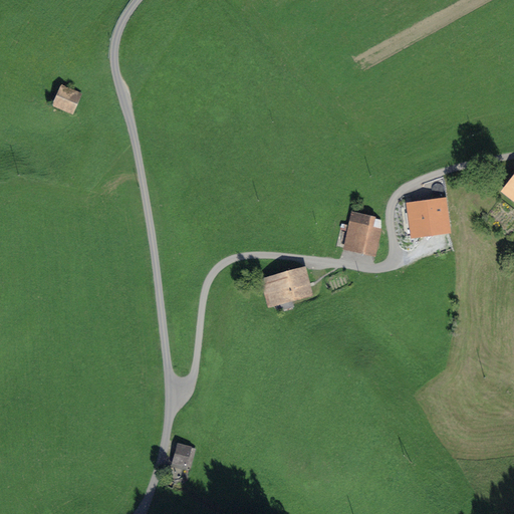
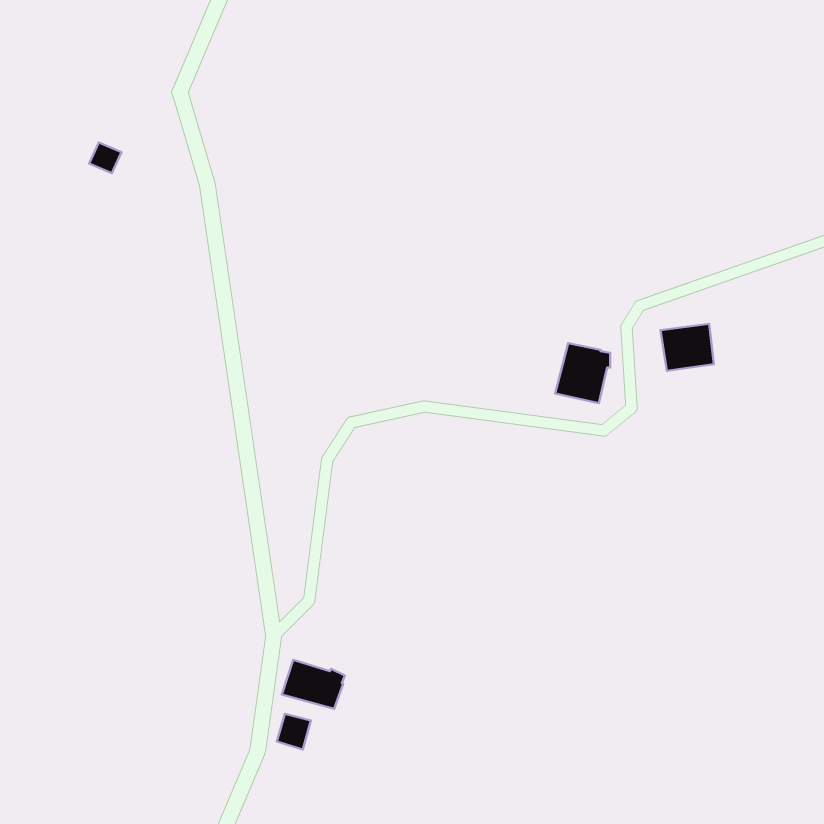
building: [263,271,304,304] -> none
building: none -> [282,660,345,709]

